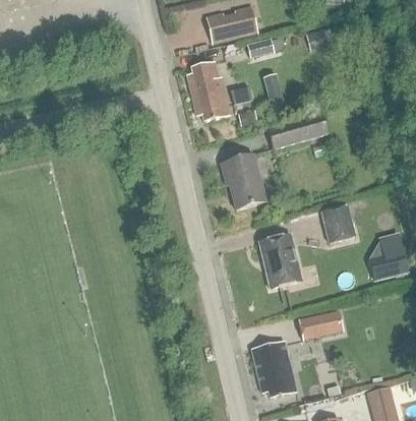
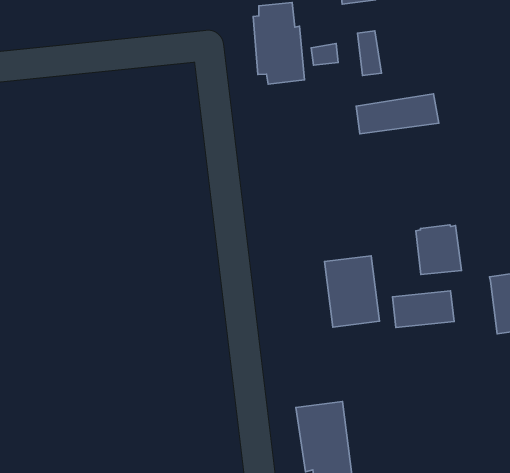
building: [221,153,266,208] -> none
building: [297,309,343,340] -> [392,291,454,327]

